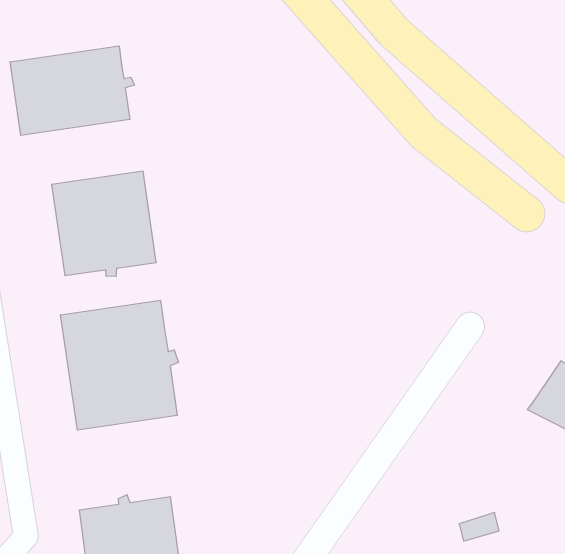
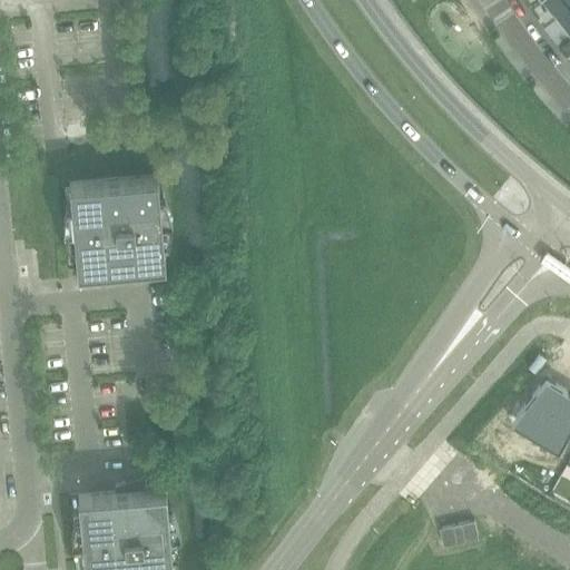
building: [10,46,134,135] -> none
building: [61,300,178,430] -> none

